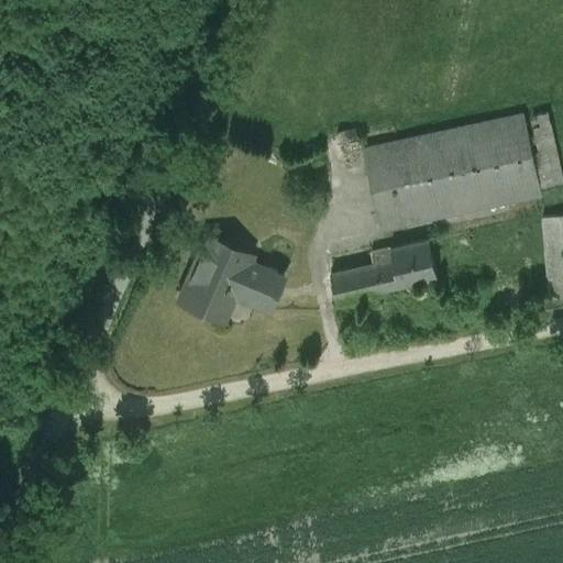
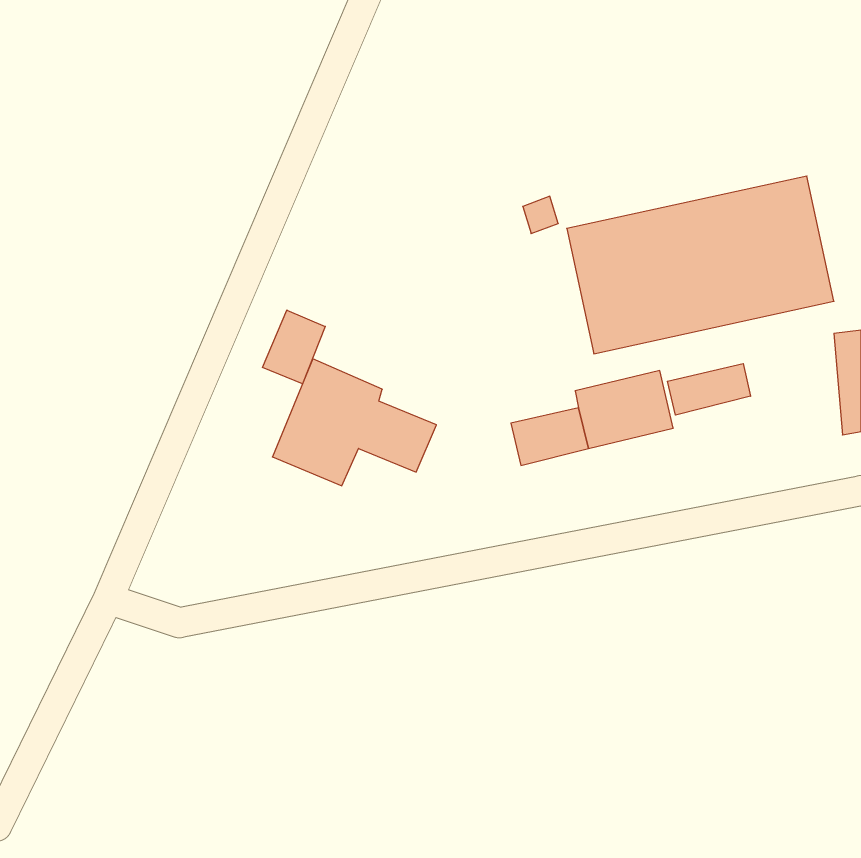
building: none -> [263,310,325,384]
building: none -> [667,364,751,415]

